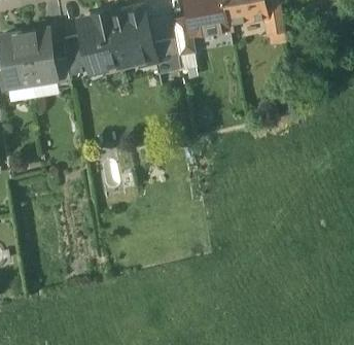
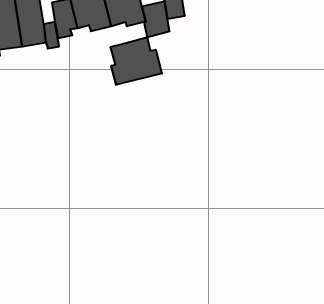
building: none -> [111,37,162,85]

